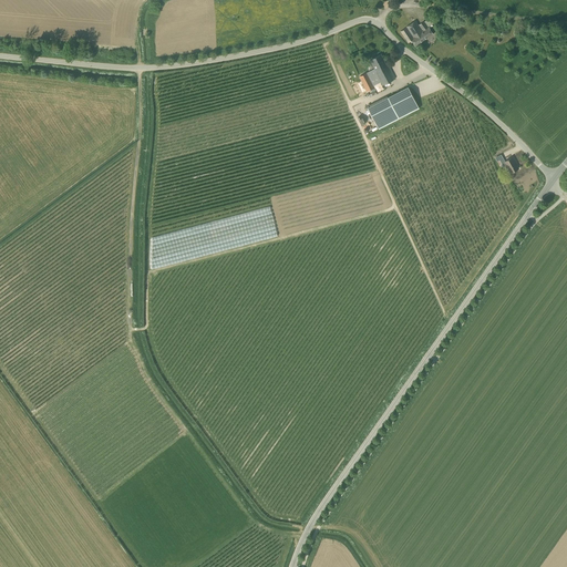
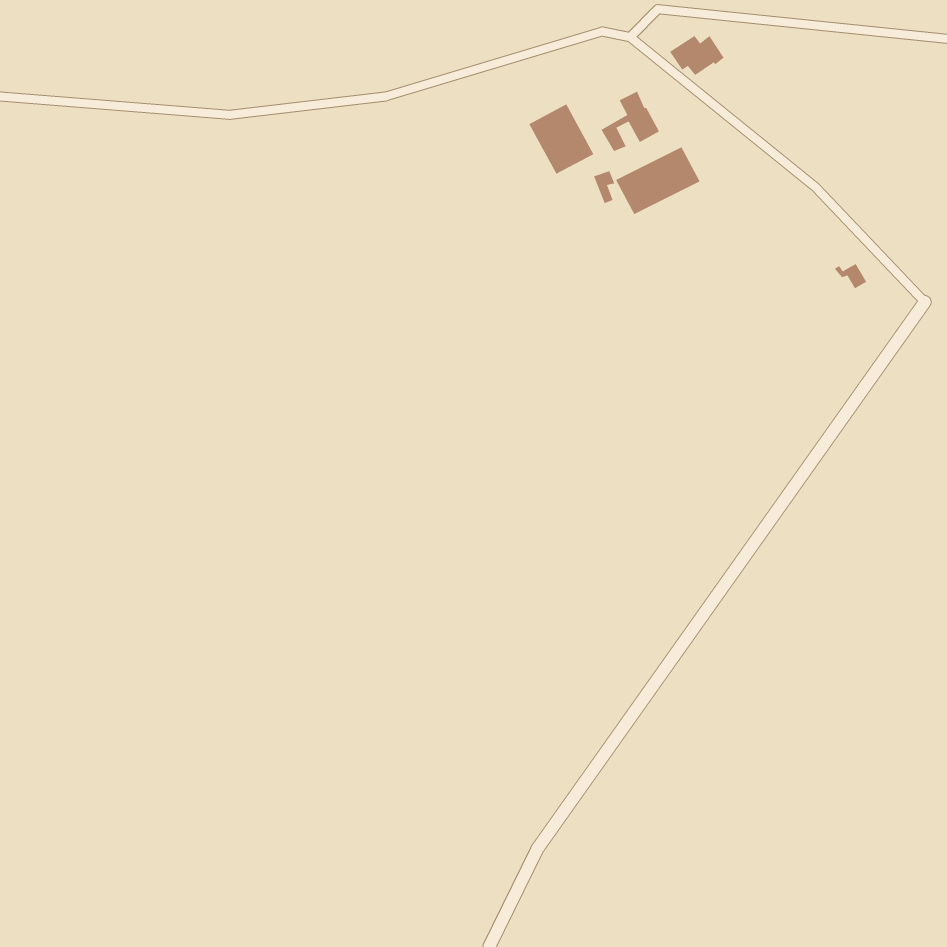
building: none -> [528,104,594,174]

